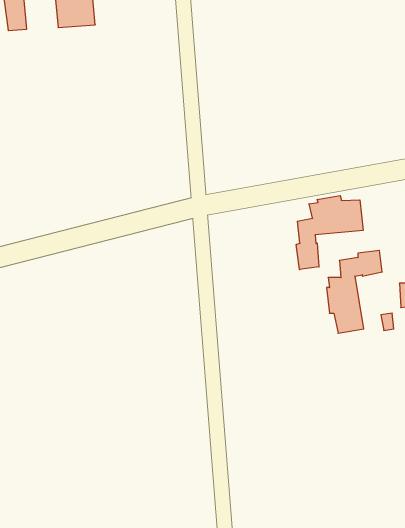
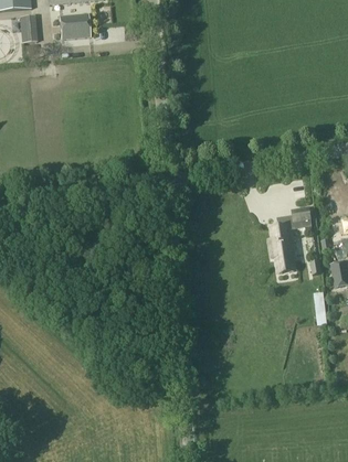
building: [296,196,363,270] -> none

